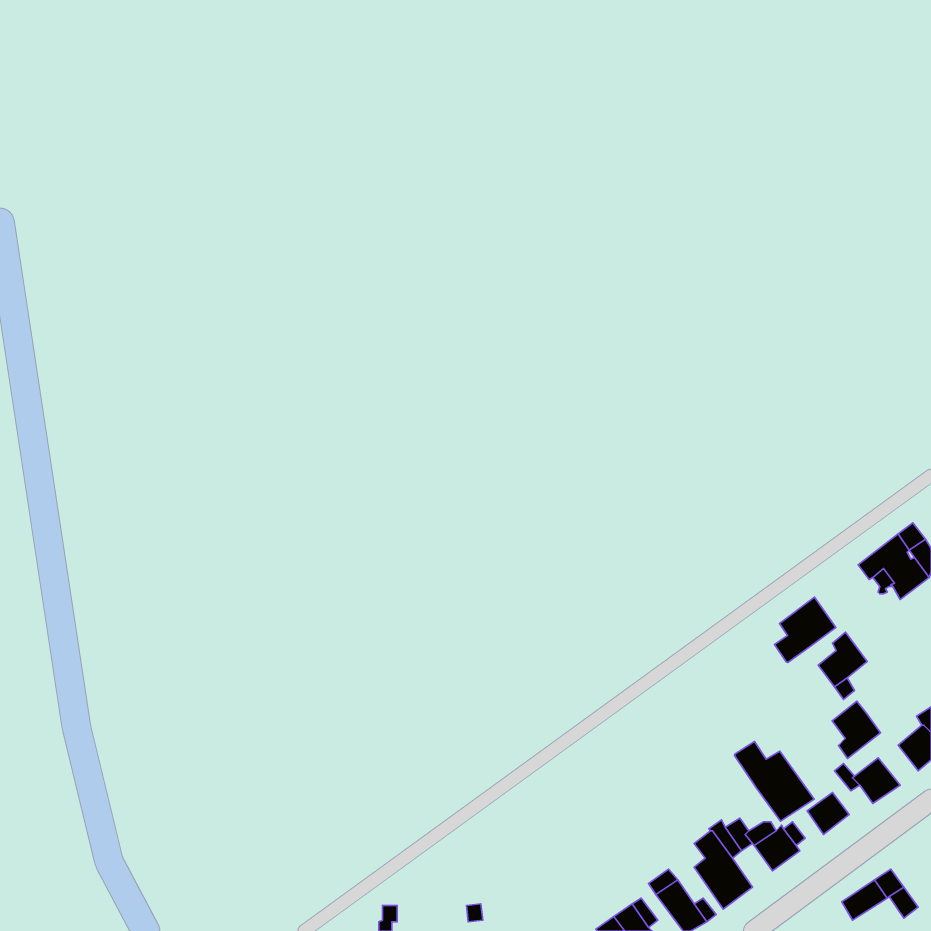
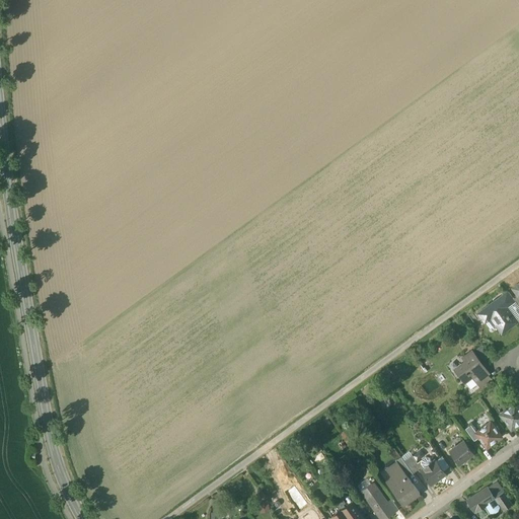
building: [775,597,836,662] -> none
building: [832,701,880,759] -> none
building: [735,741,814,821] -> none

